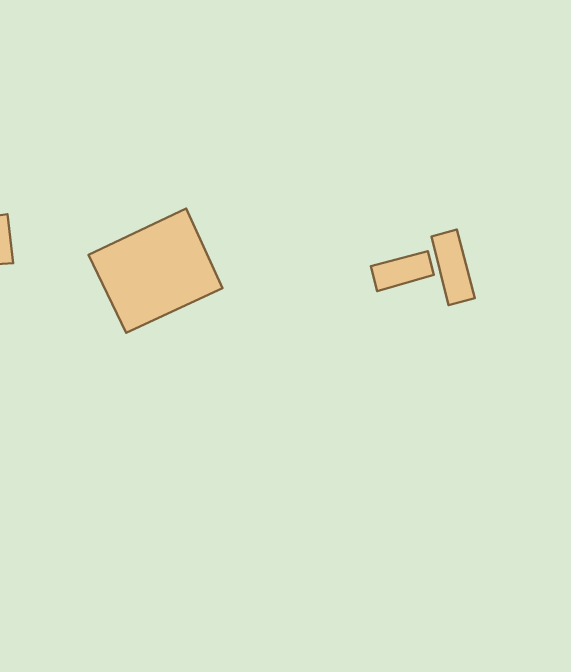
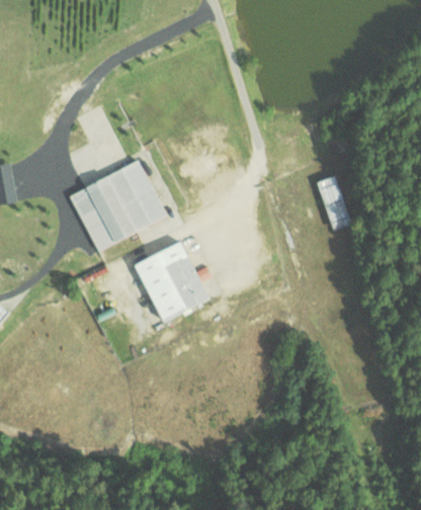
building: [371,251,434,291] -> none
building: none -> [133,241,208,323]

